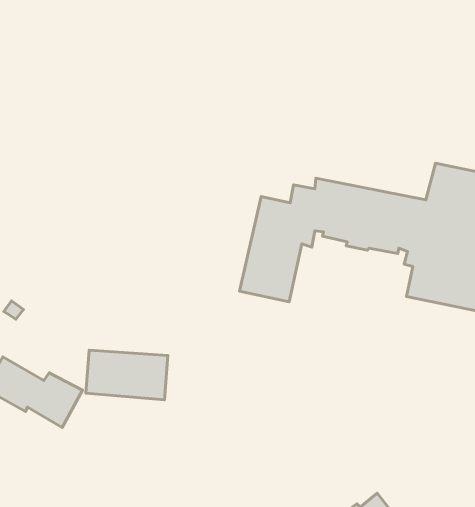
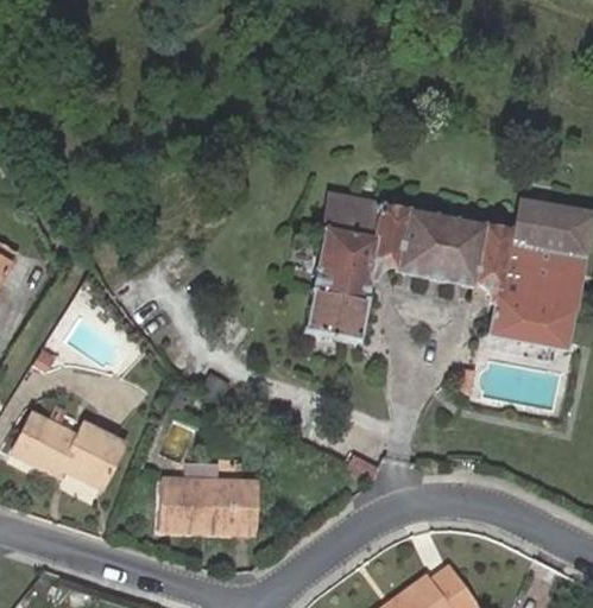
building: none -> [326,197,386,235]
building: [86,350,168,400] -> [166,479,257,533]

